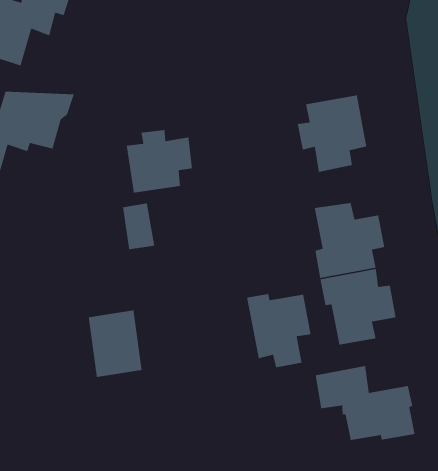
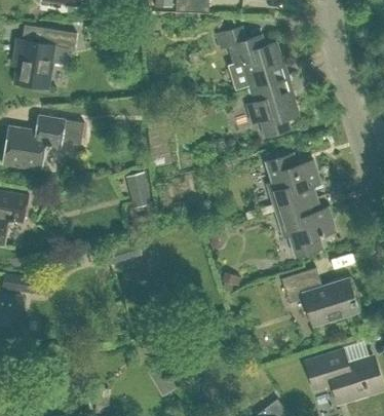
building: none -> [217,27,286,90]
building: [126,129,193,193] -> none
building: [246,293,311,368] -> none

